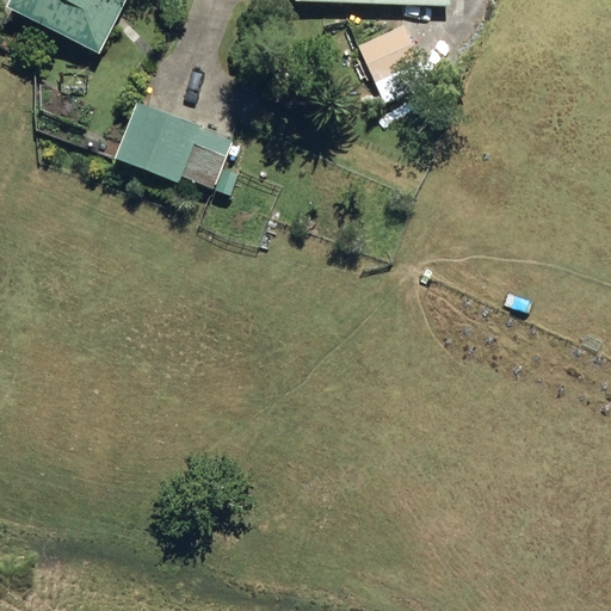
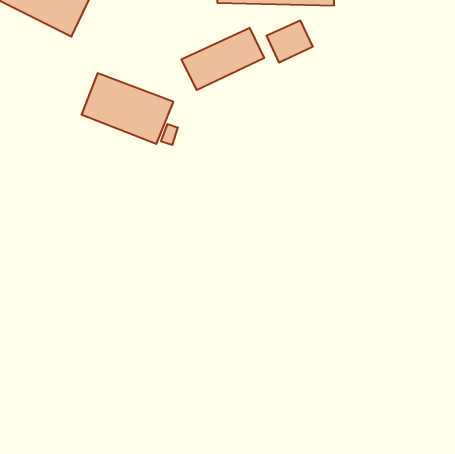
building: none -> [182,28,264,90]

